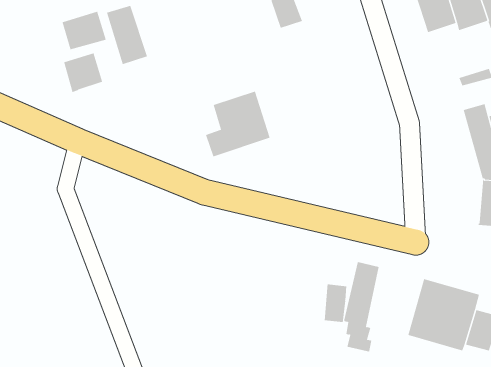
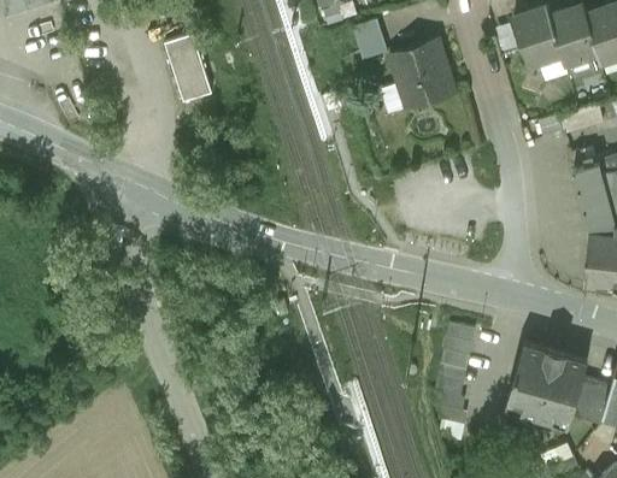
building: [62,11,107,50] -> none
building: [63,53,103,93] -> none
building: [205,91,270,157] -> [382,39,456,113]
building: [324,283,347,323] -> none

